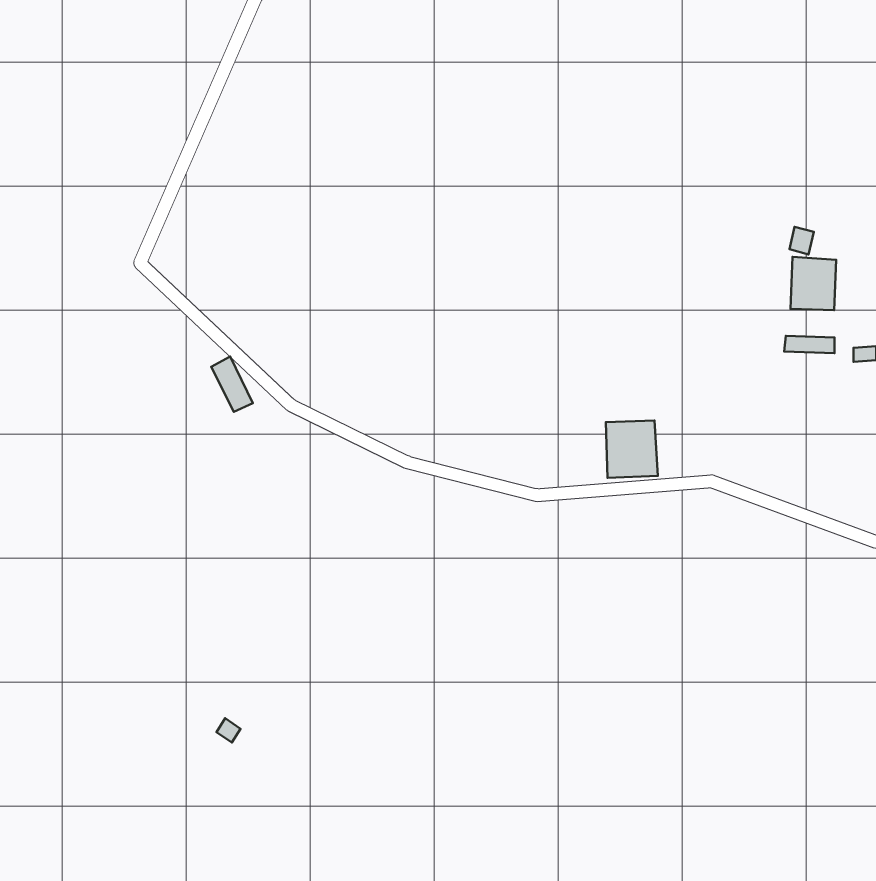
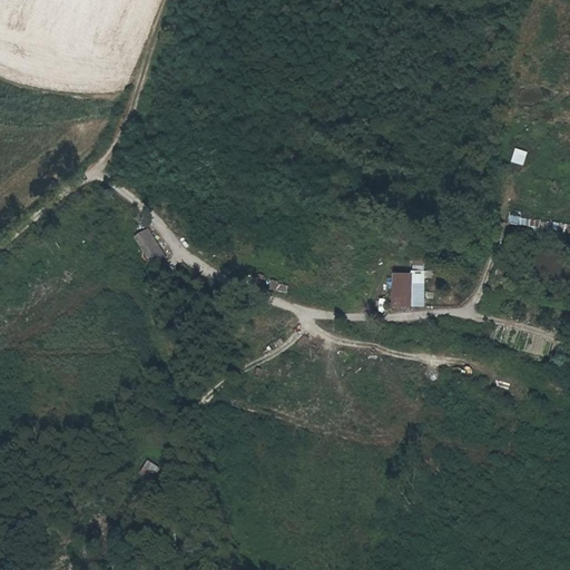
building: [791,257,836,310] -> none

